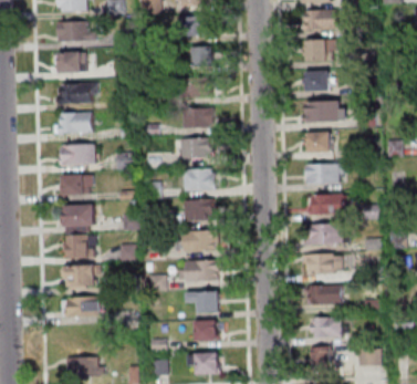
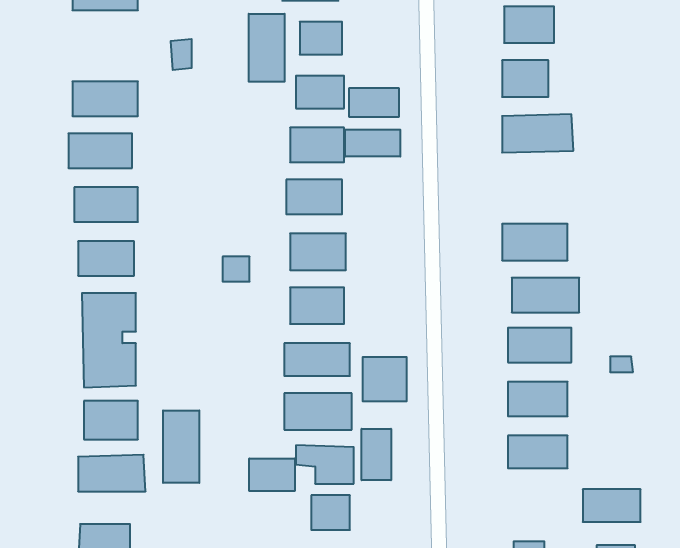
building: none -> [249,14,285,82]
building: [55,52,85,73] -> none
building: none -> [349,88,399,117]
building: none -> [345,130,400,157]
building: [305,133,332,154] -> none
building: none -> [363,357,407,401]
building: none -> [163,410,199,483]
building: none -> [362,429,391,480]
building: none -> [249,458,295,491]
building: [310,319,343,338] -> [583,489,641,522]

